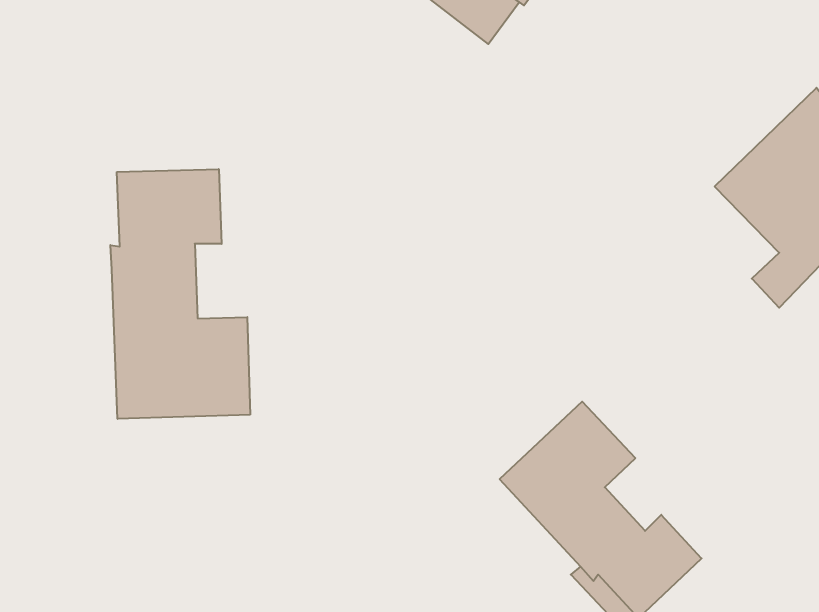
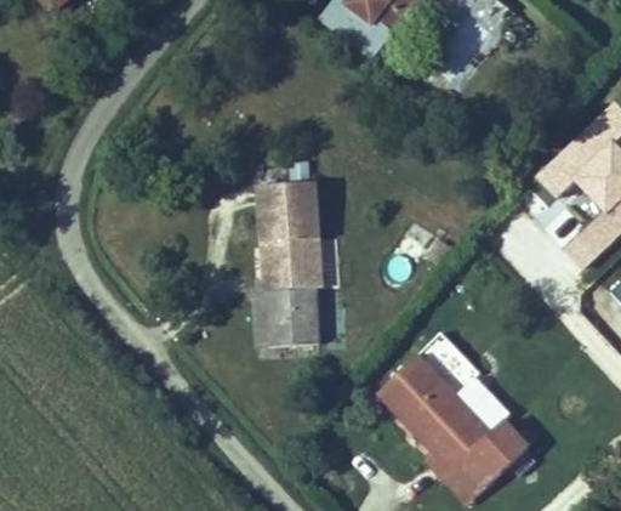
building: [110,169,250,419] -> none
building: none -> [255,182,325,345]

